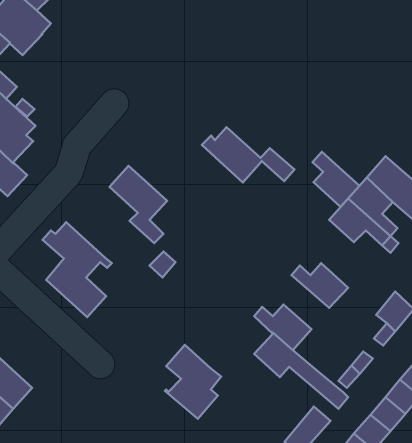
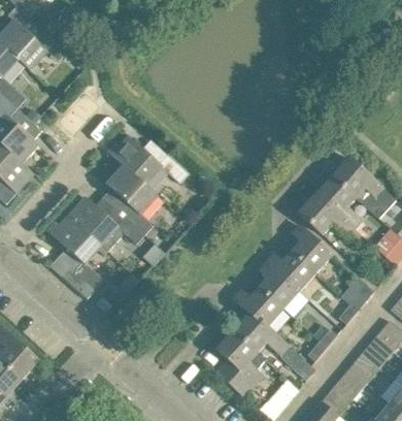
building: [202,127,295,182] -> [107,135,189,184]
building: [312,152,359,207] -> [291,224,332,272]
building: none -> [68,196,145,251]
building: none -> [259,261,299,309]
building: [165,345,221,419] -> [215,330,265,395]

